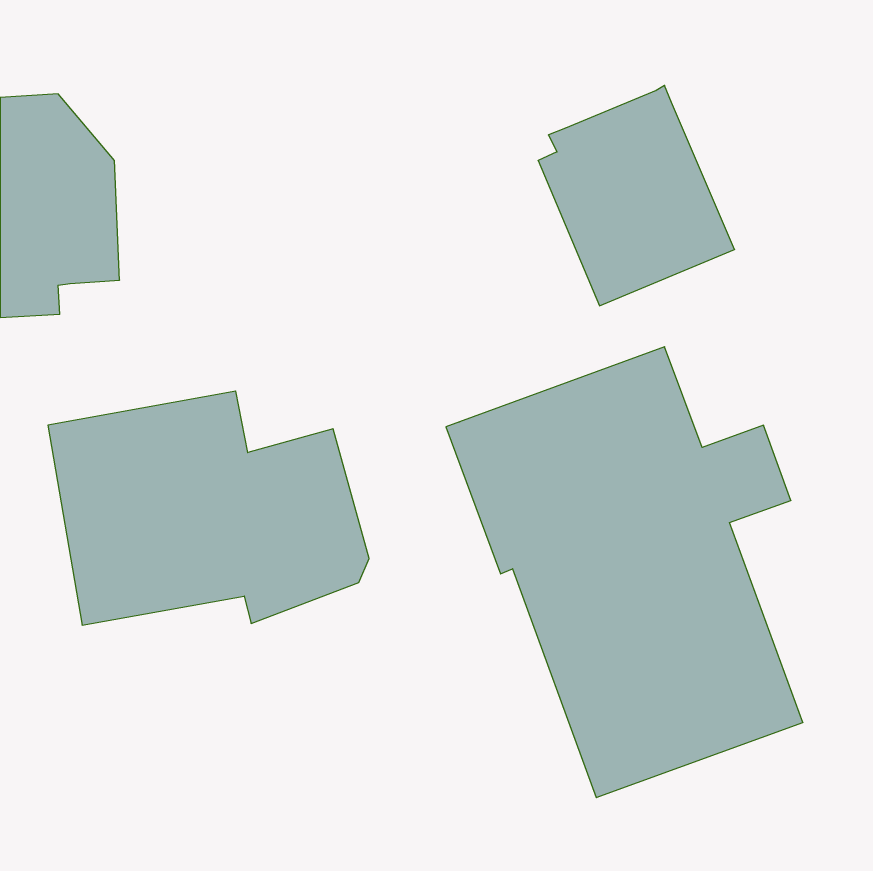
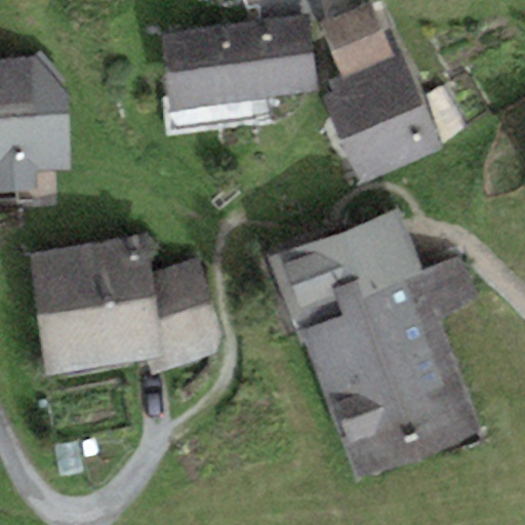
building: none -> [320,4,394,77]
building: none -> [159,14,319,110]

